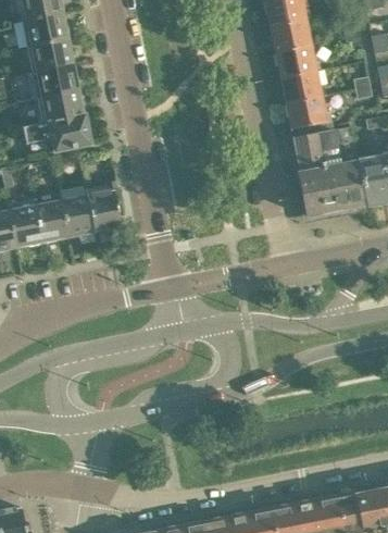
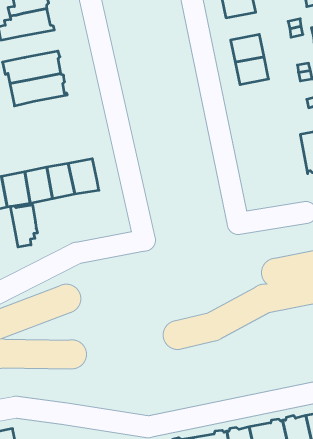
building: [271,17,310,50] -> none
building: [29,38,74,71] -> none
building: [287,96,326,128] -> none
building: [23,114,90,151] -> none
building: [295,127,366,219] -> none
building: none -> [10,205,37,247]

